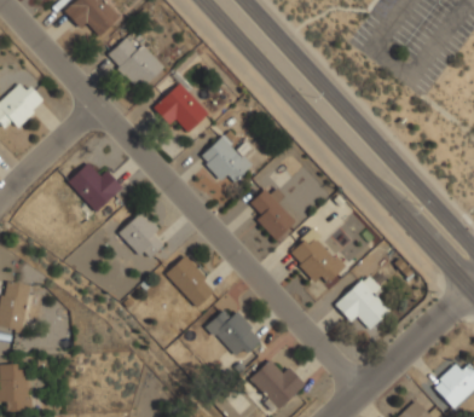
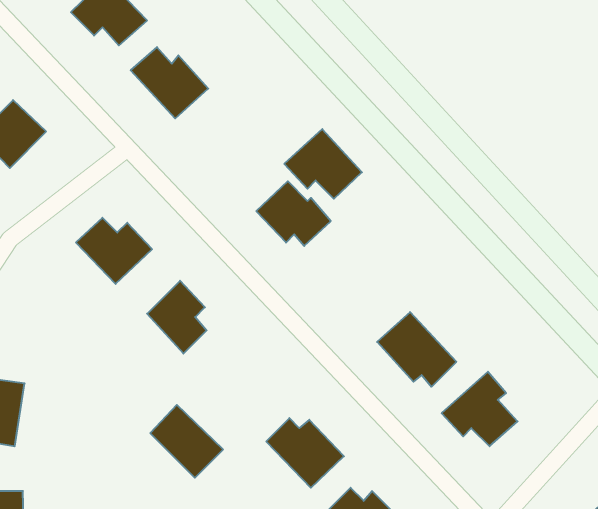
building: [151,83,208,134] -> [284,129,362,199]
building: [250,185,295,242] -> none
building: [164,254,218,307] -> [150,405,223,478]

